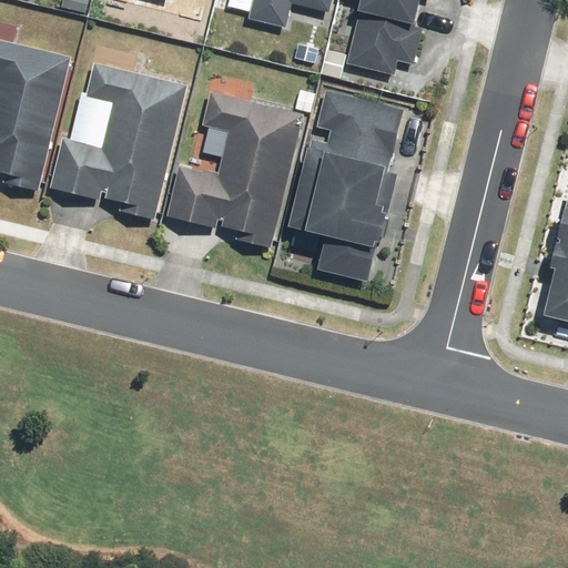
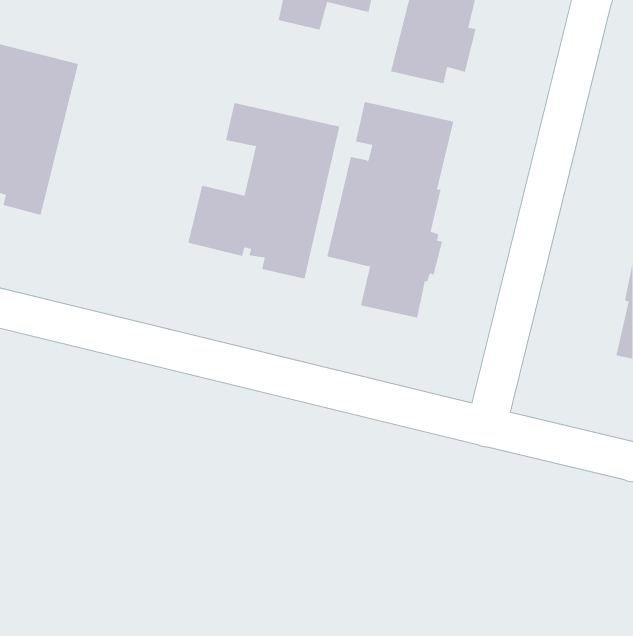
building: [48,62,186,220] -> none

